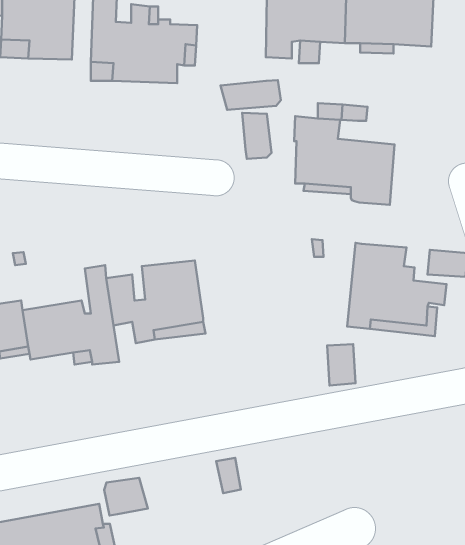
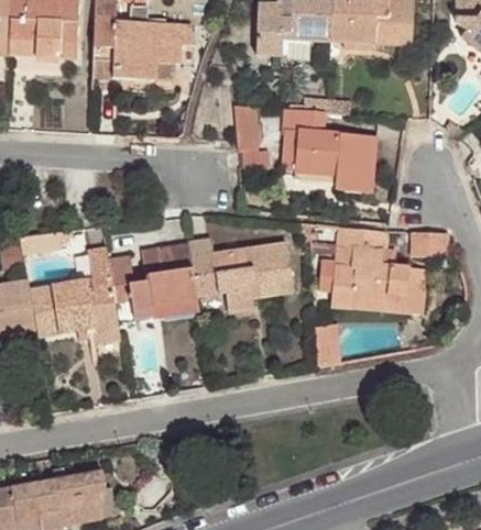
building: [220,80,281,110] -> none
building: none -> [190,238,293,309]
building: [104,478,148,515] -> none

